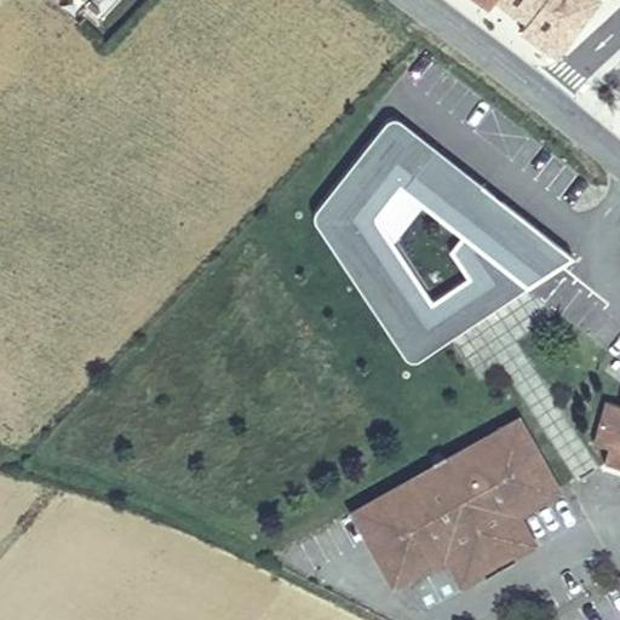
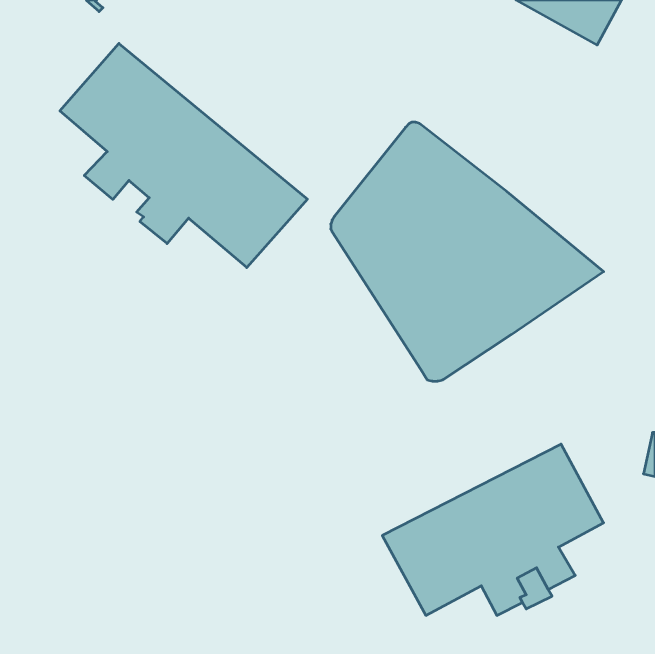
building: none -> [60,43,307,268]

